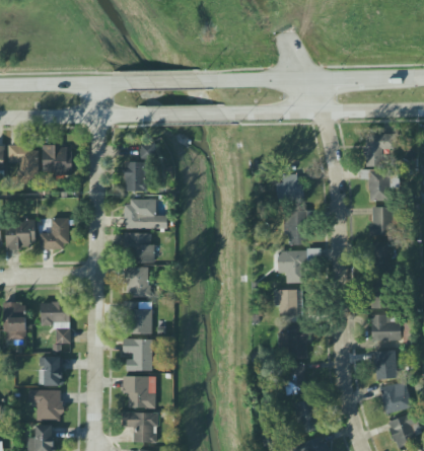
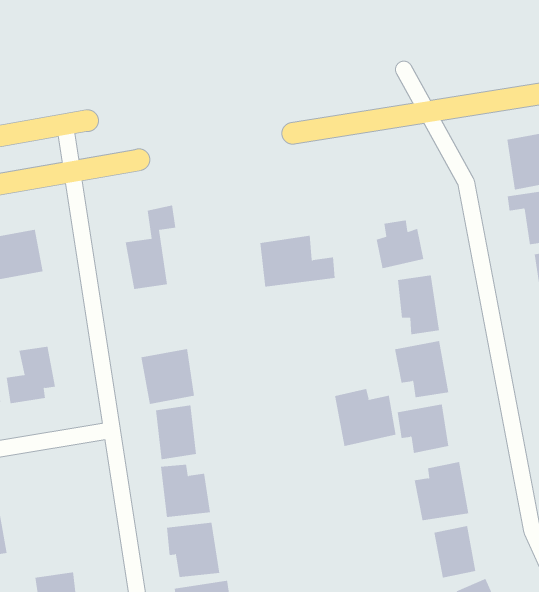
building: [124,201,168,229] -> [260,235,335,287]
building: none -> [334,388,396,447]
building: [41,302,70,344] -> none

